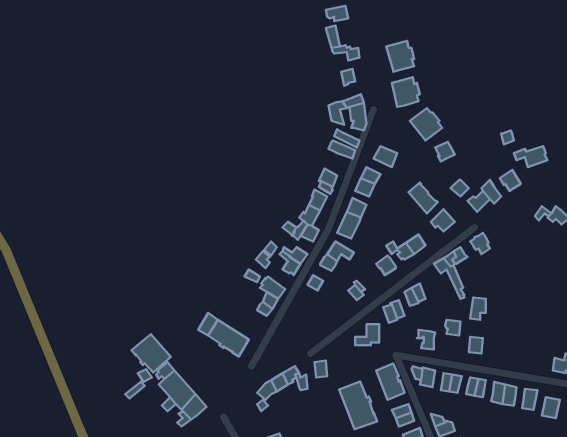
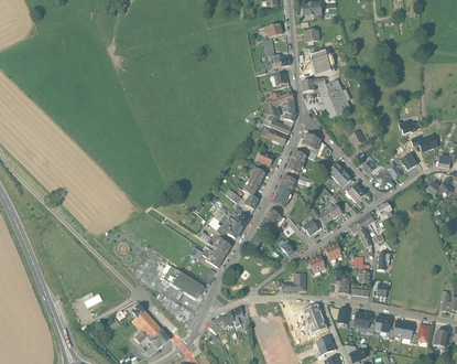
building: [132,334,171,372] -> none
building: [339,381,377,429] -> none

